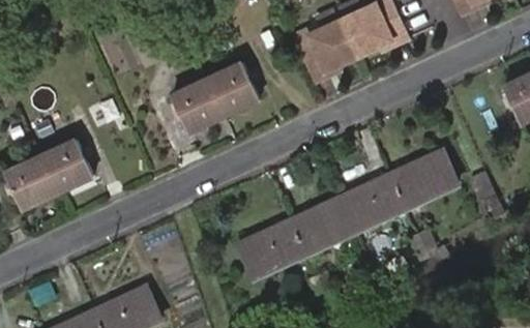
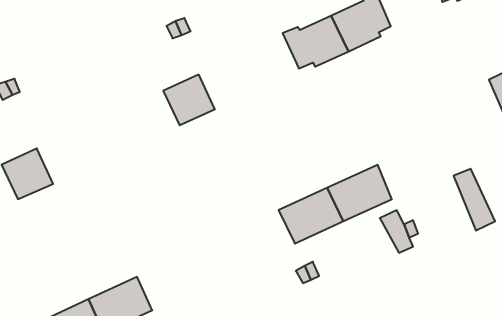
building: [208,63,260,115] -> none
building: [42,139,93,191] -> none
building: [391,148,458,207] -> none
building: [239,218,306,276] -> none

